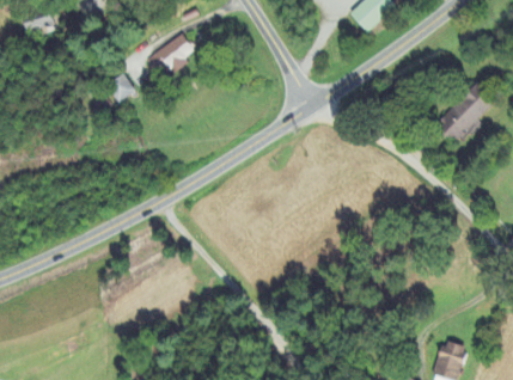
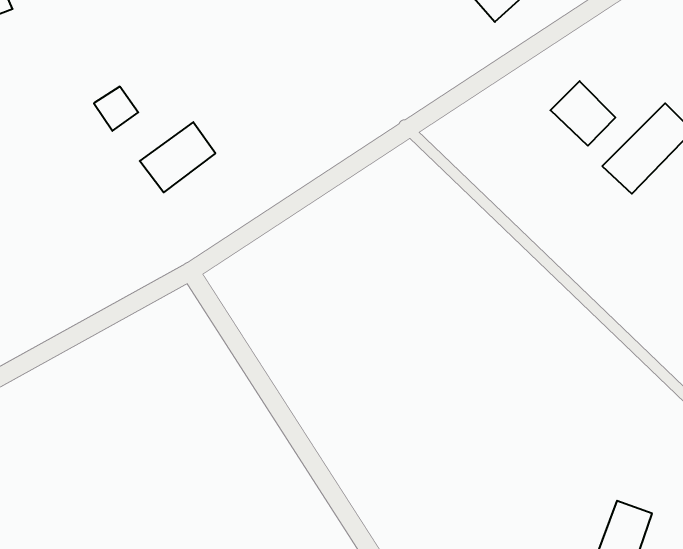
building: [147,32,196,78] -> [140,122,215,192]
building: none -> [550,81,615,146]

